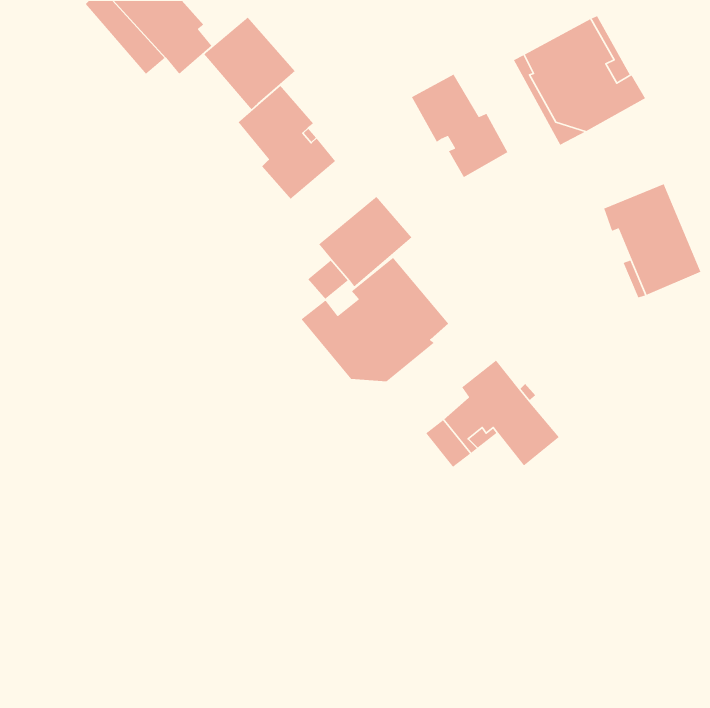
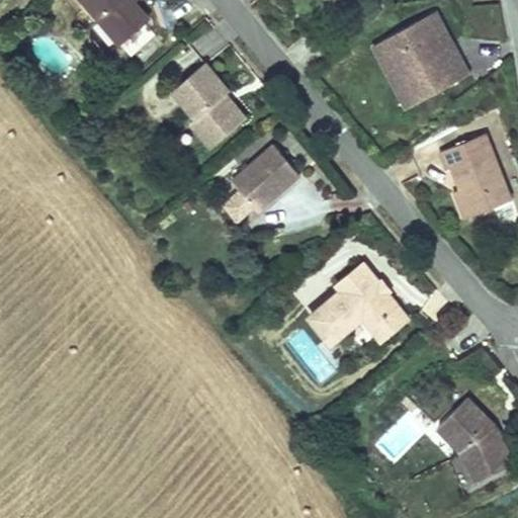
building: [203,17,296,110] -> none
building: [411,73,509,178] -> none
building: [301,257,449,382] -> none
building: none -> [438,399,513,482]

